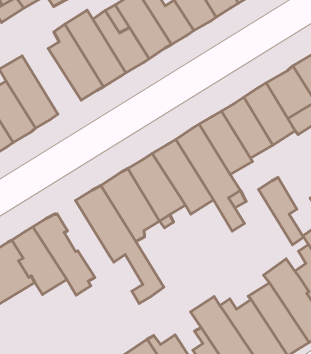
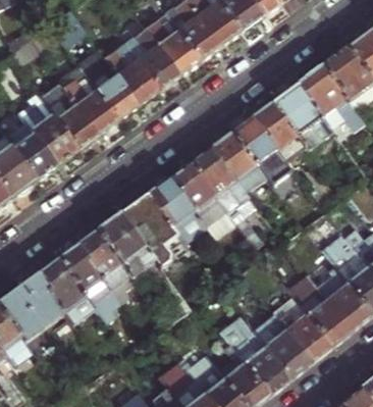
building: none -> [35,81,95,149]
building: [258,177,303,245] -> none
building: none -> [78,231,134,300]

